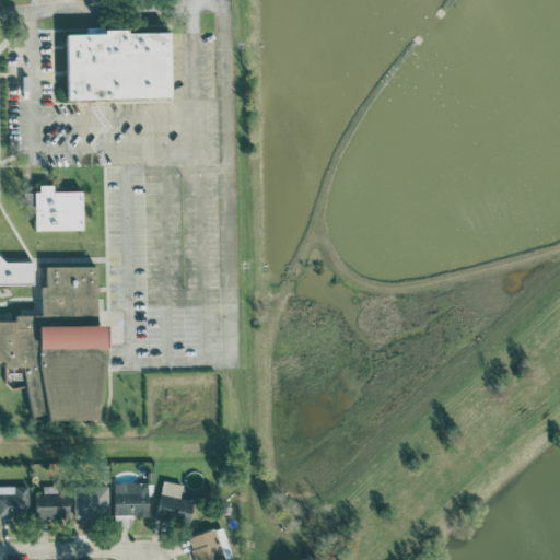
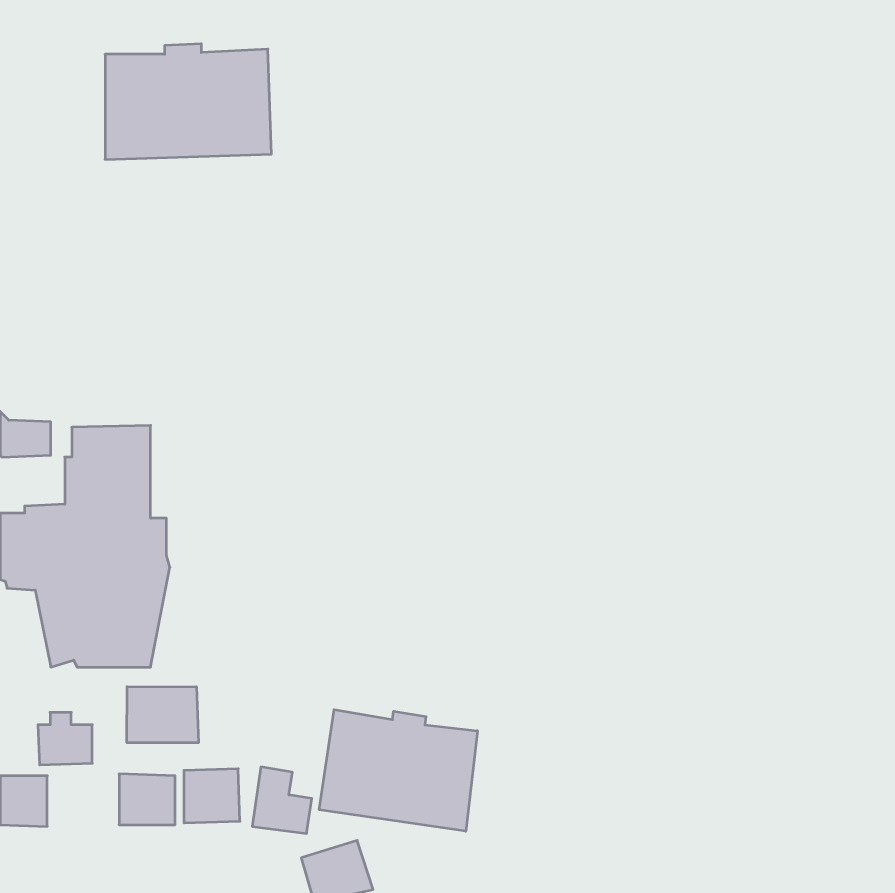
building: [36,185,85,232] -> none
building: none -> [127,687,198,743]
building: none -> [319,710,477,831]
building: [36,486,70,518] -> [38,712,92,765]

